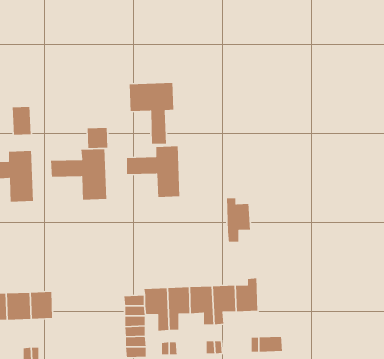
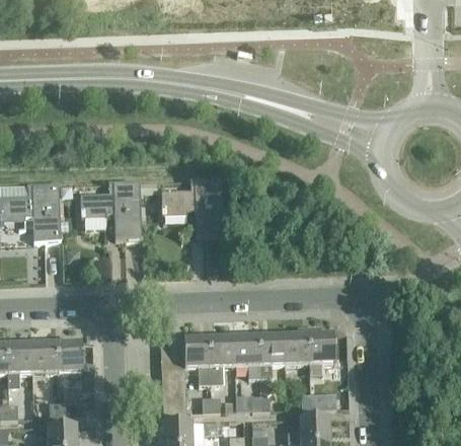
building: [129,82,174,144] -> none
building: [12,106,31,135] -> none
building: [87,127,108,149] -> none
building: [226,198,251,242] -> [308,324,335,374]

